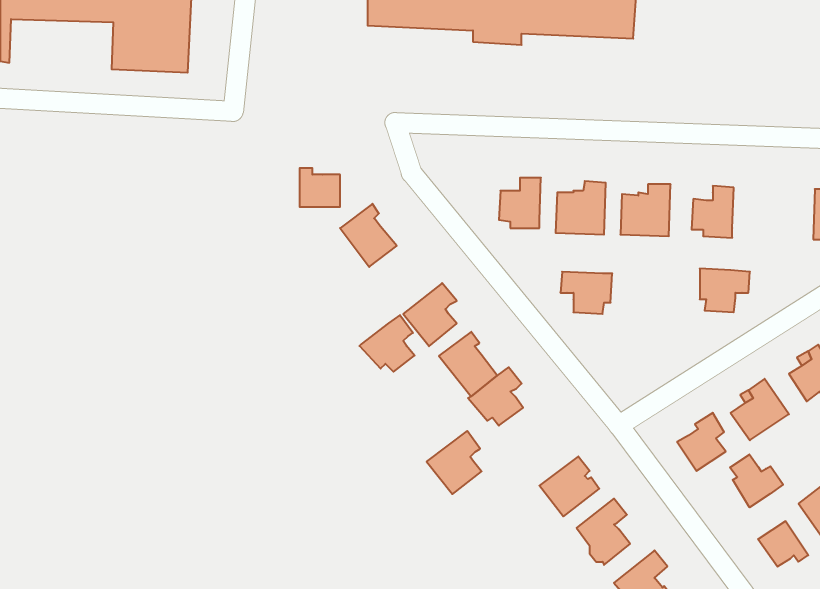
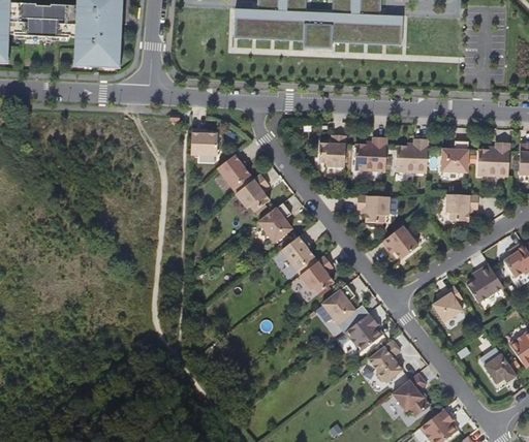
building: none -> [477,143,509,177]
building: [359,315,415,372] -> [235,173,270,210]
building: none -> [382,225,418,259]
building: [427,431,482,494] -> [320,284,355,324]
building: [730,454,783,507] -> none

